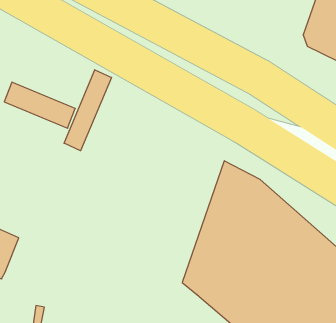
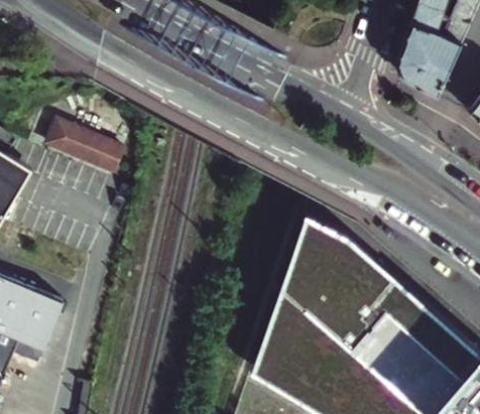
building: [64,70,111,151] -> none

